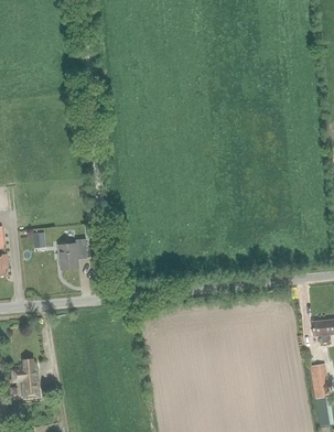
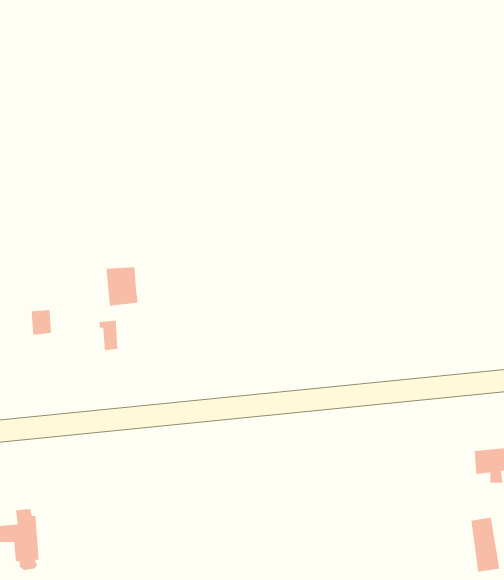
building: [57,244,78,269] -> [106,266,139,306]

